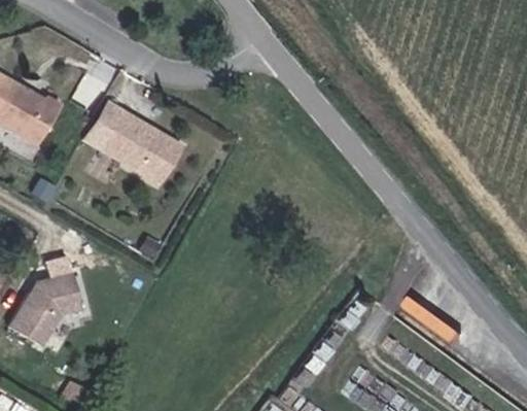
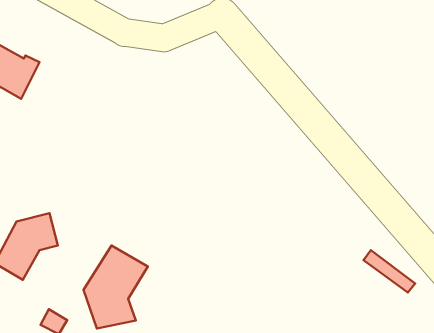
building: [97,107,182,181] -> none
building: none -> [83,245,148,329]

